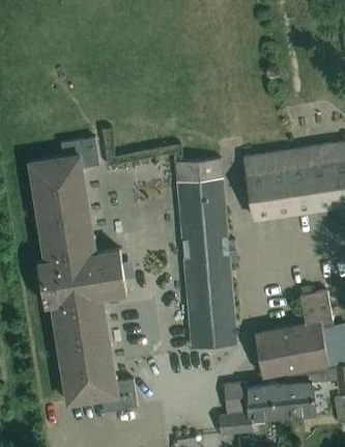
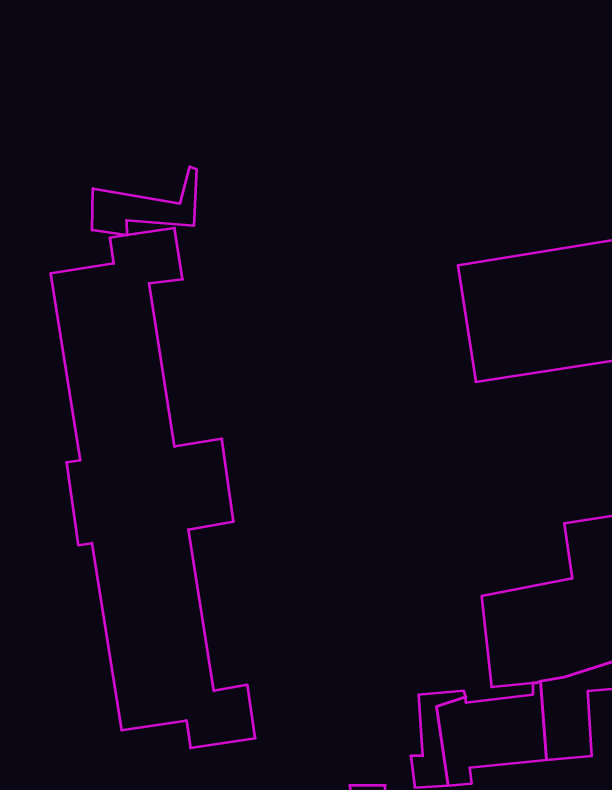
building: none -> [92,167,196,235]
building: [175,160,235,348] -> none

